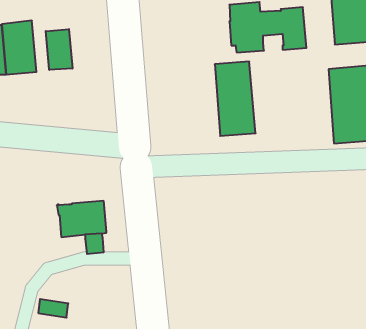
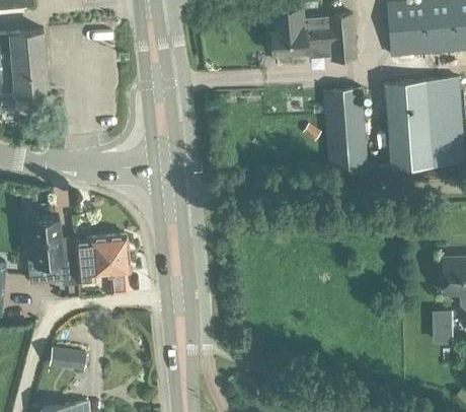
building: [46,29,72,70] -> none
building: [215,62,256,136] -> [323,87,370,173]
building: none -> [28,216,78,282]

